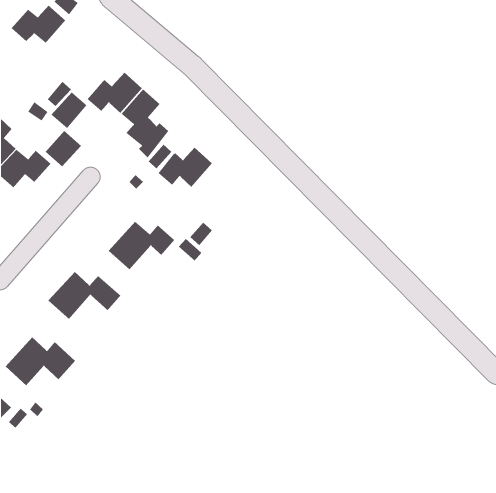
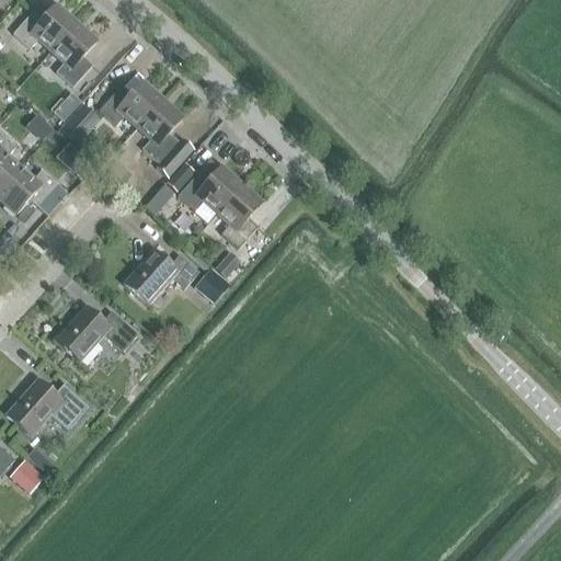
building: none -> [53,23,95,87]
building: none -> [217,184,261,247]

